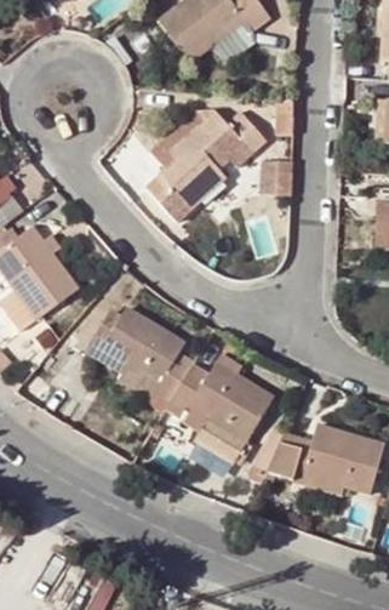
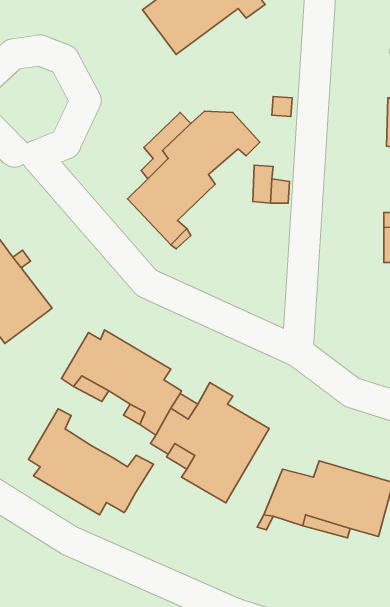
building: none -> [28,409,154,515]

